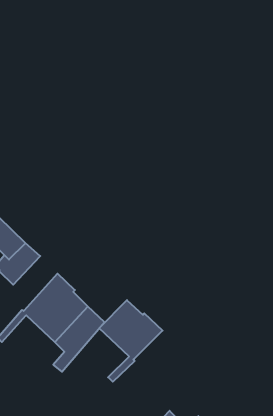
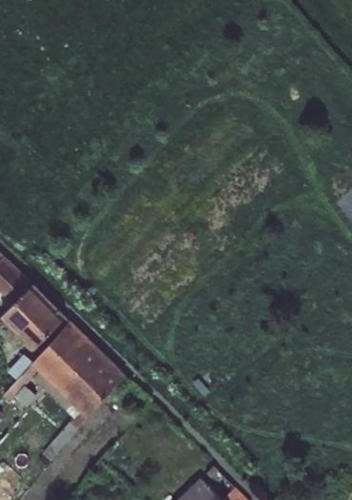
building: none -> [19,301,66,349]
building: [99,300,163,382] -> none

